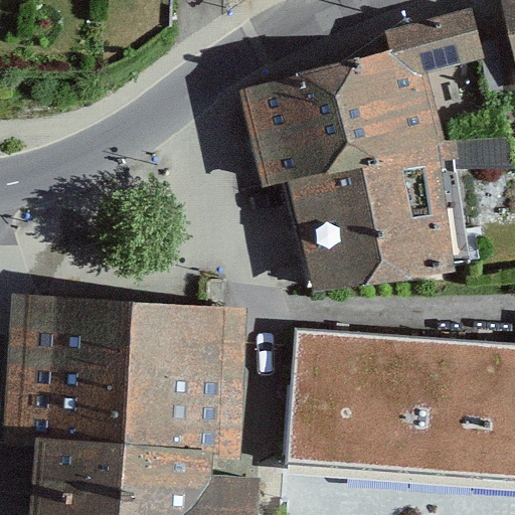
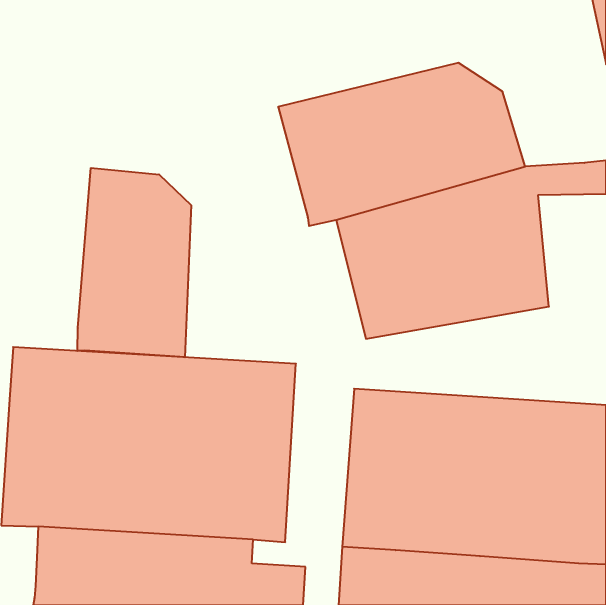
building: [388,10,483,77] -> none
building: none -> [78,168,191,357]

